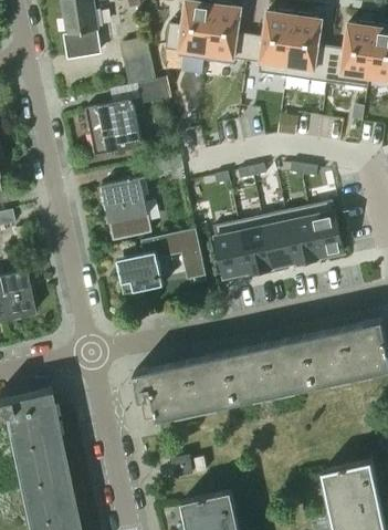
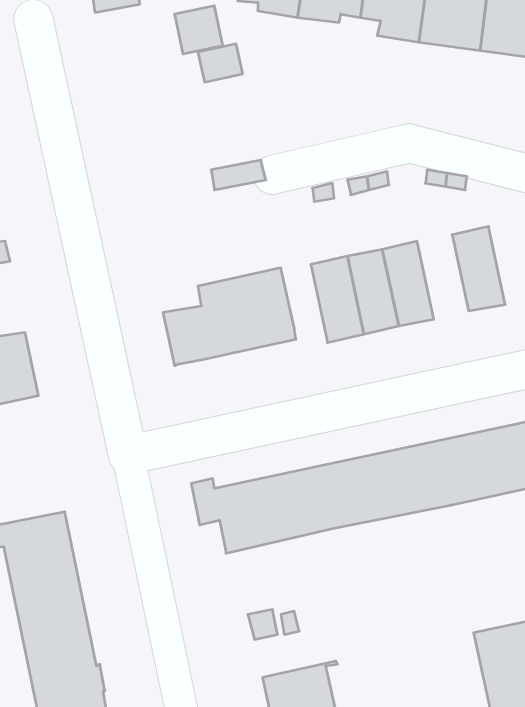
building: [84,100,143,157] -> none
building: [101,176,150,240] -> none
building: [284,206,318,262] -> none

